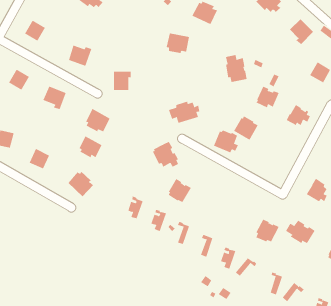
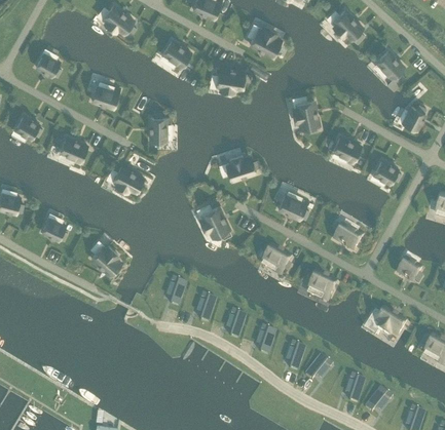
building: none -> [159,36,191,69]
building: [233,116,259,140] -> [331,218,364,249]
building: [79,136,102,158] -> none
building: [168,178,192,203] -> [261,241,292,273]
building: [256,219,280,242] -> [306,268,337,298]

